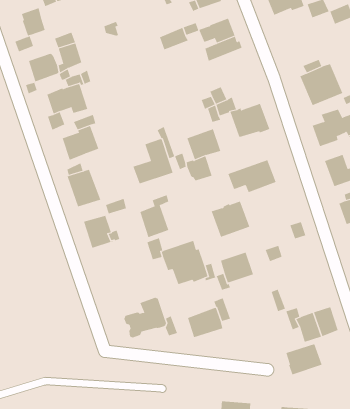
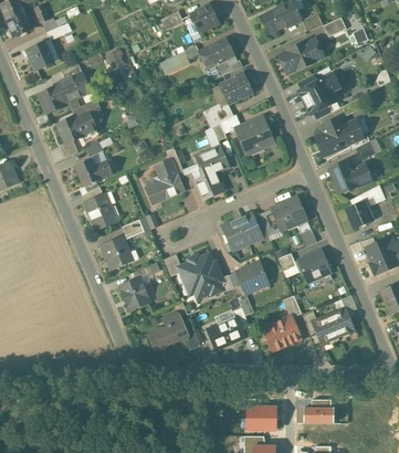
building: none -> [277,36,323,73]
building: none -> [220,72,252,103]
building: [228,160,277,196] -> [259,197,306,234]
building: [139,194,169,238] -> [119,266,149,309]
building: none -> [297,250,328,281]
building: [285,343,323,375] -> [264,316,301,348]

